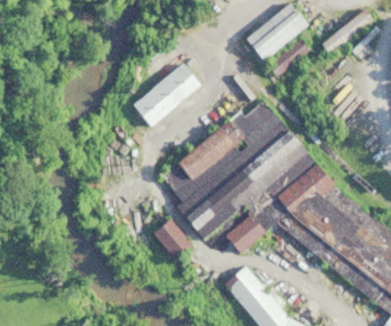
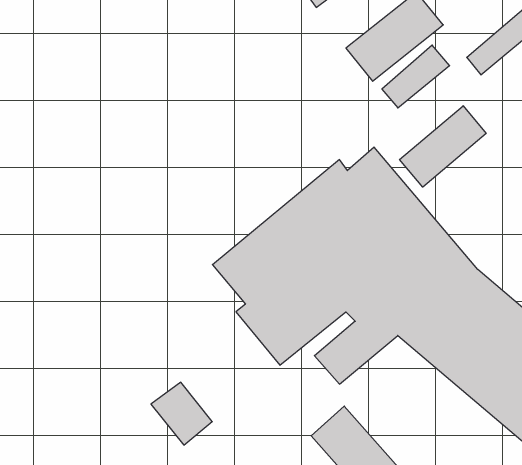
building: [133,65,200,126] -> none
building: none -> [400,106,486,187]
building: [152,219,191,259] -> [151,382,212,445]

